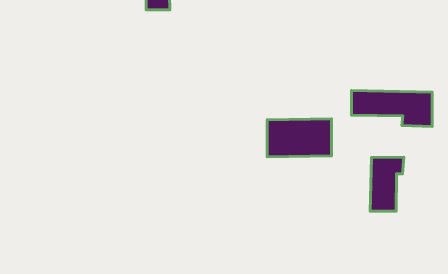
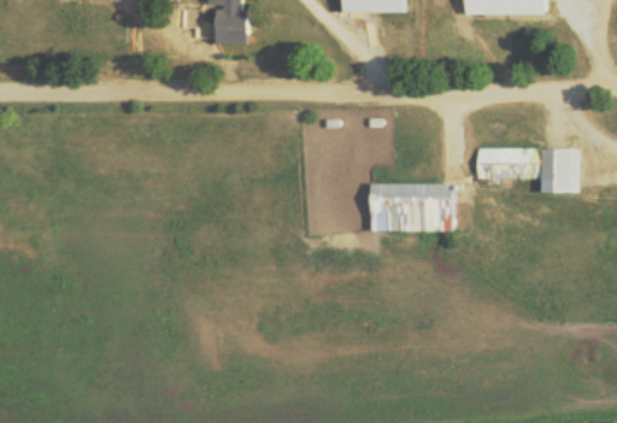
building: [370,157,404,211] -> none

